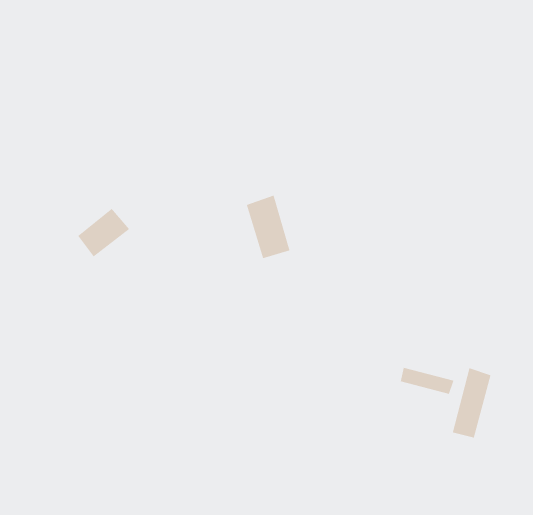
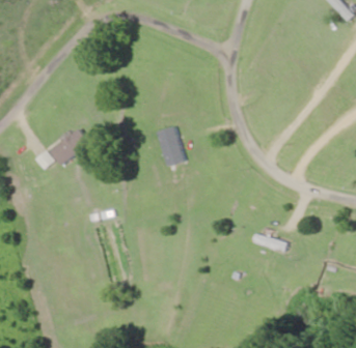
building: [452,367,491,439] -> none

